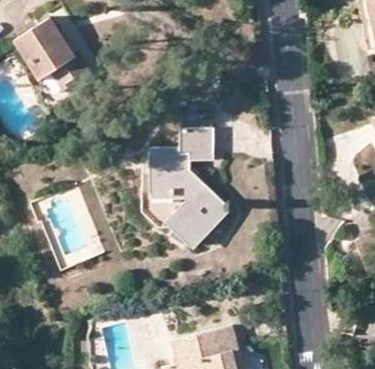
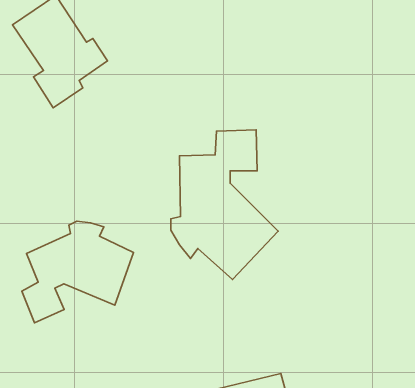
building: none -> [22,221,134,323]

